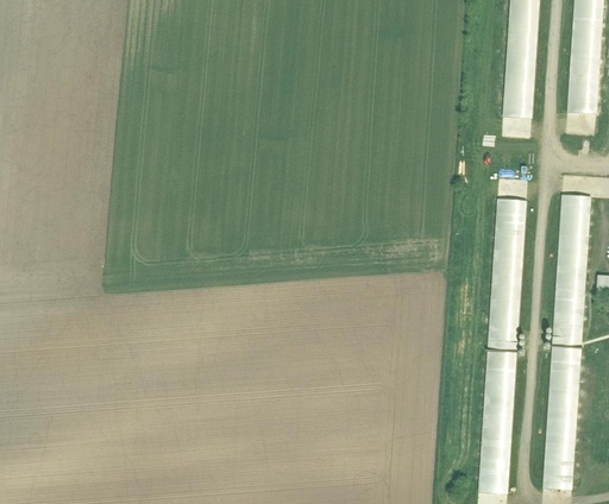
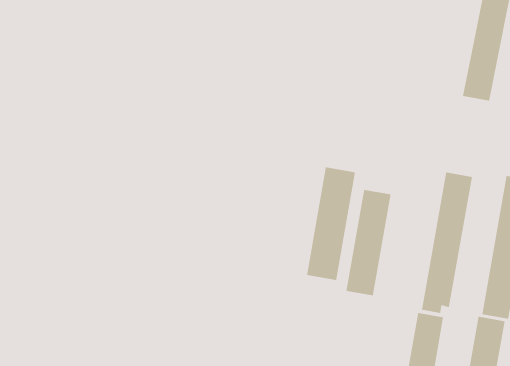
building: none -> [306,167,356,281]
building: none -> [346,189,391,296]

